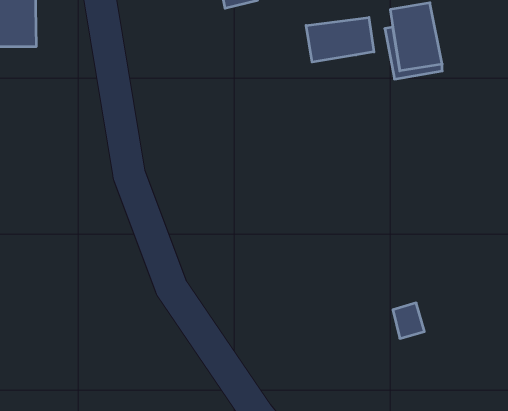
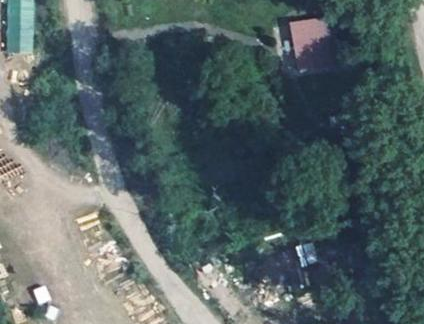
building: [306,17,374,62] -> none

